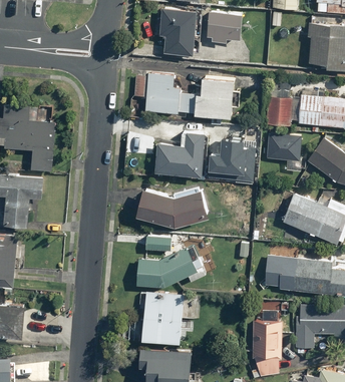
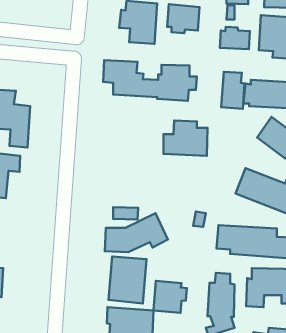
building: none -> [220,27,250,49]
building: [154,131,204,176] -> none
building: [268,132,302,160] -> none
building: [135,187,210,227] -> none
building: none -> [154,281,187,313]

